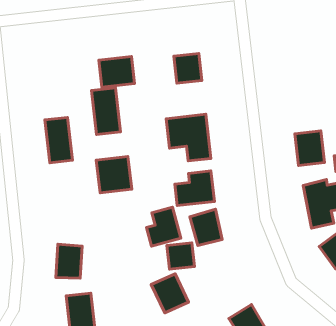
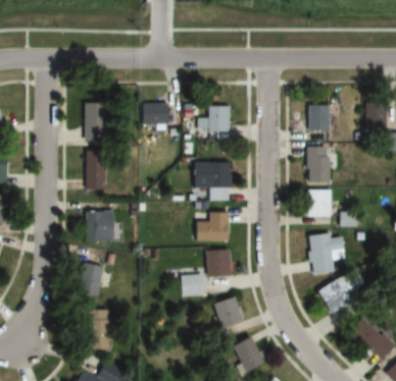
building: none -> [307,103,330,131]
building: none -> [307,146,330,181]
building: [92,88,120,134] -> [84,102,105,142]
building: [96,156,132,193] -> [86,211,114,240]
building: [146,207,181,246] -> none
building: [151,274,189,313] -> [212,295,244,329]

